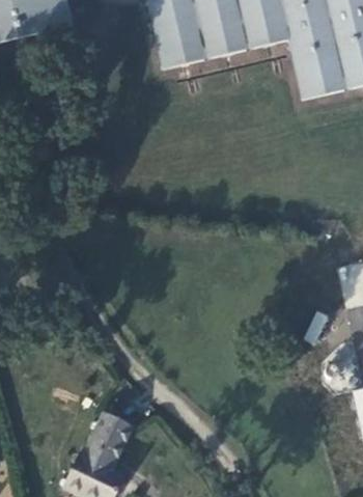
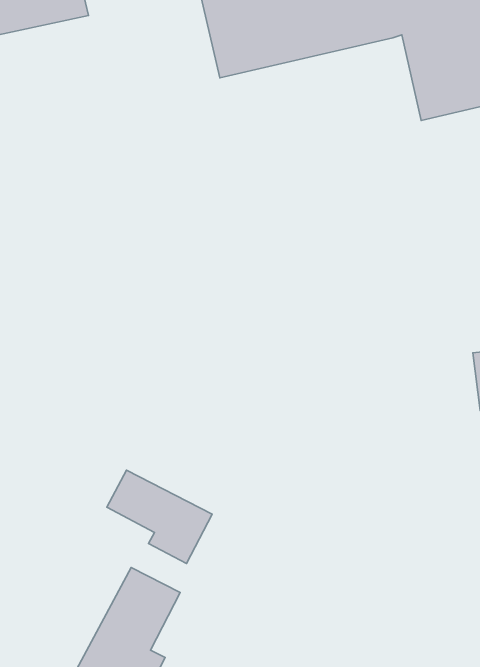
building: none -> [107,470,212,564]

